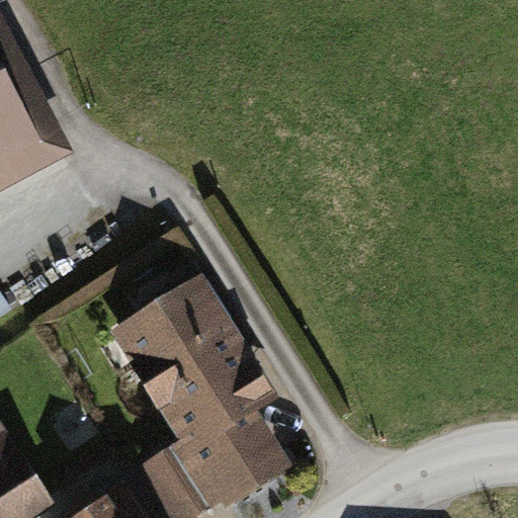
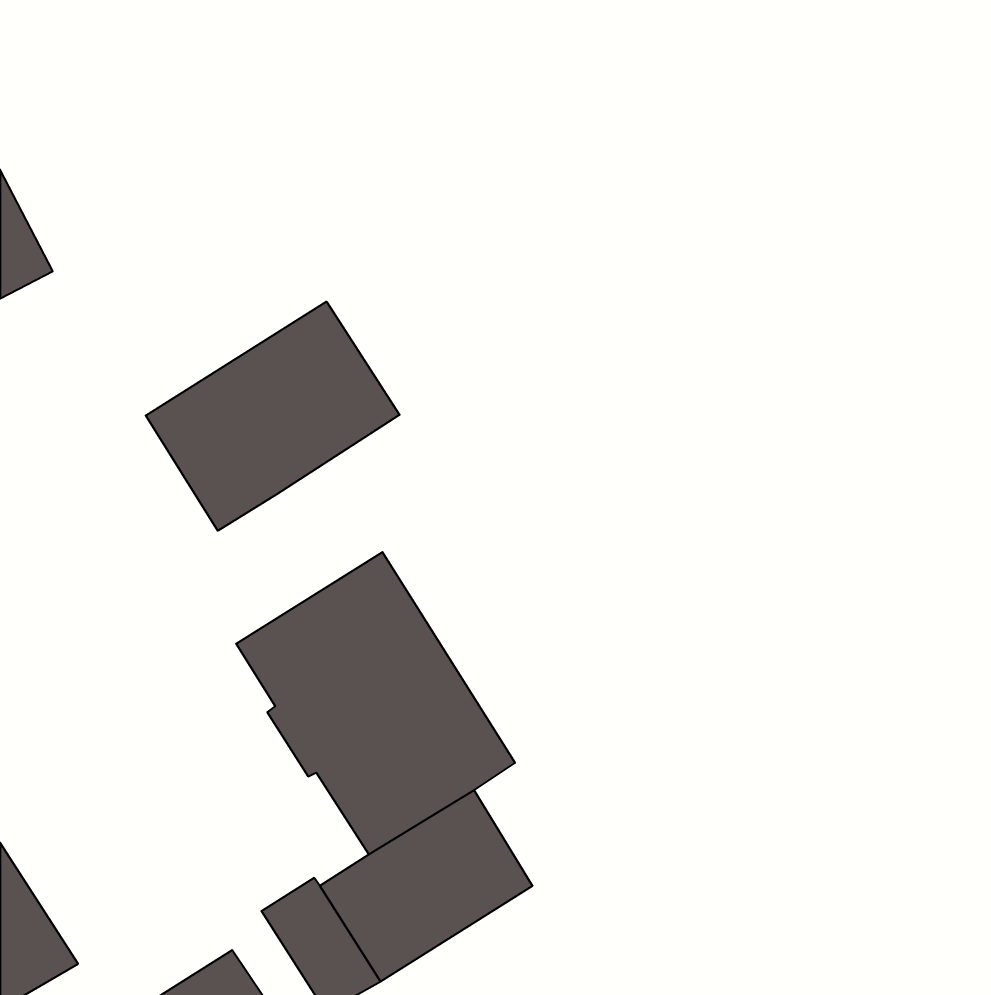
building: none -> [146,302,400,531]

